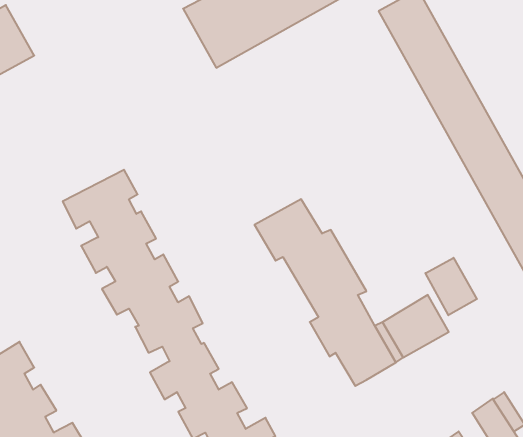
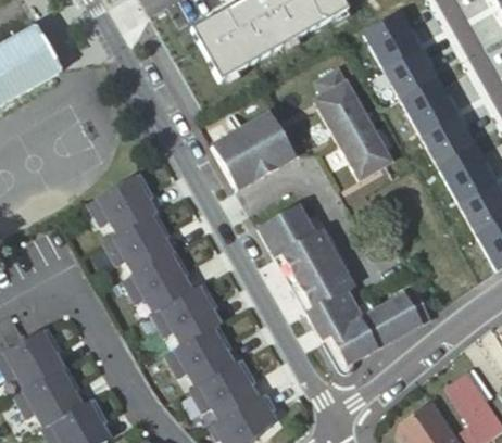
building: none -> [310,62,389,174]
building: none -> [208,105,289,178]
building: [425,258,477,315] -> none

